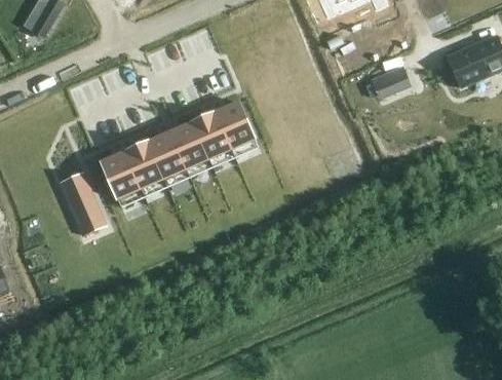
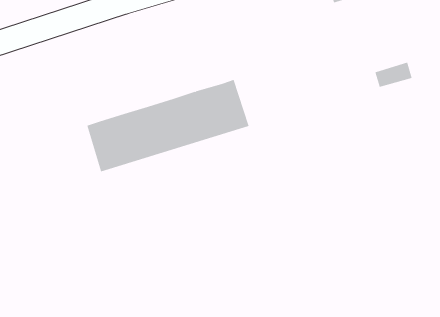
building: [63,179,105,234] -> none

